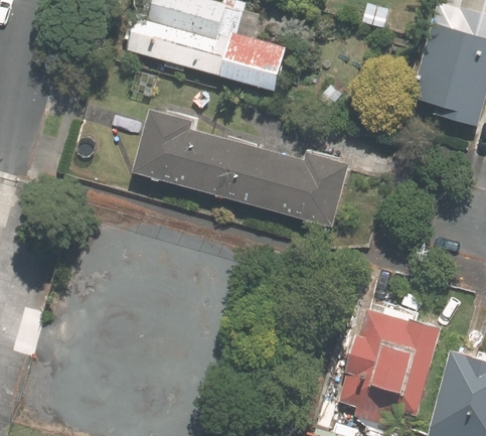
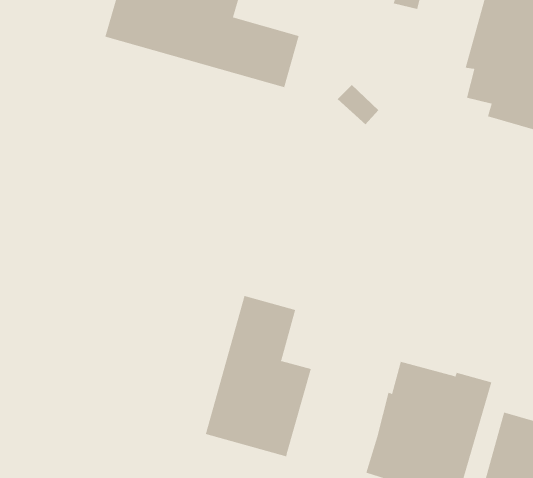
building: [138,112,346,223] -> none
building: none -> [205,295,311,457]

